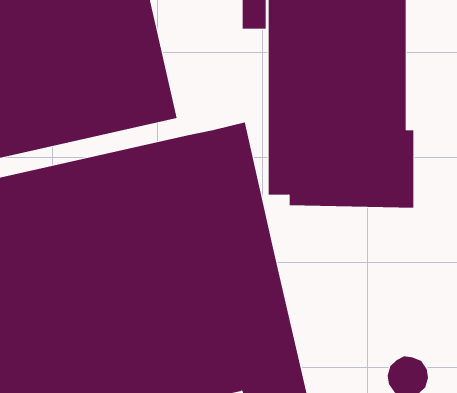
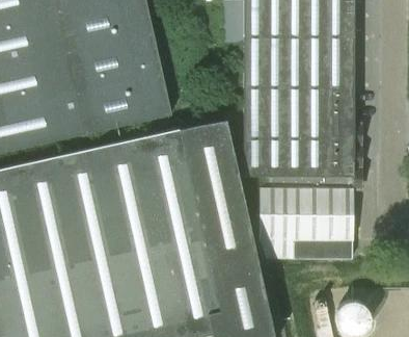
building: none -> [258,183,359,259]

